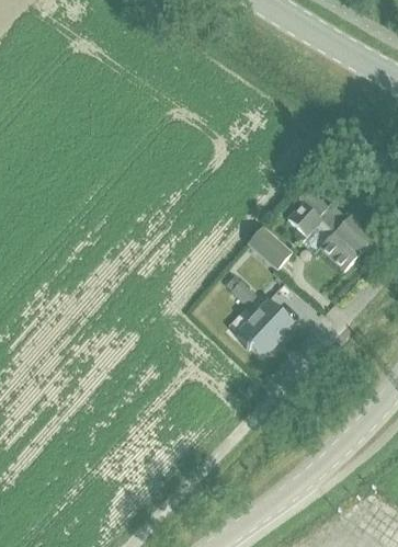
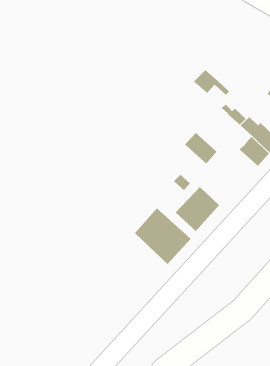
building: [287,202,336,237] -> [193,69,230,95]
building: none -> [134,208,191,265]

